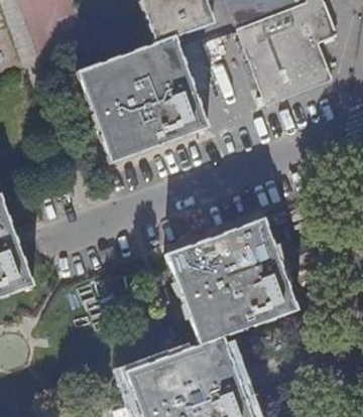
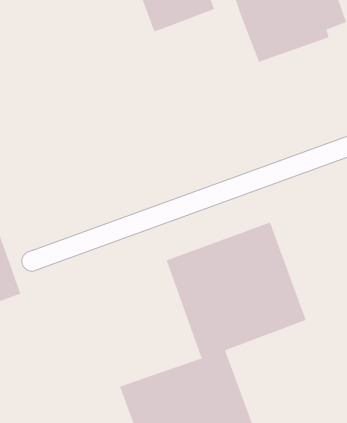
building: [79,35,209,161] -> none
building: [254,47,332,103] -> none

